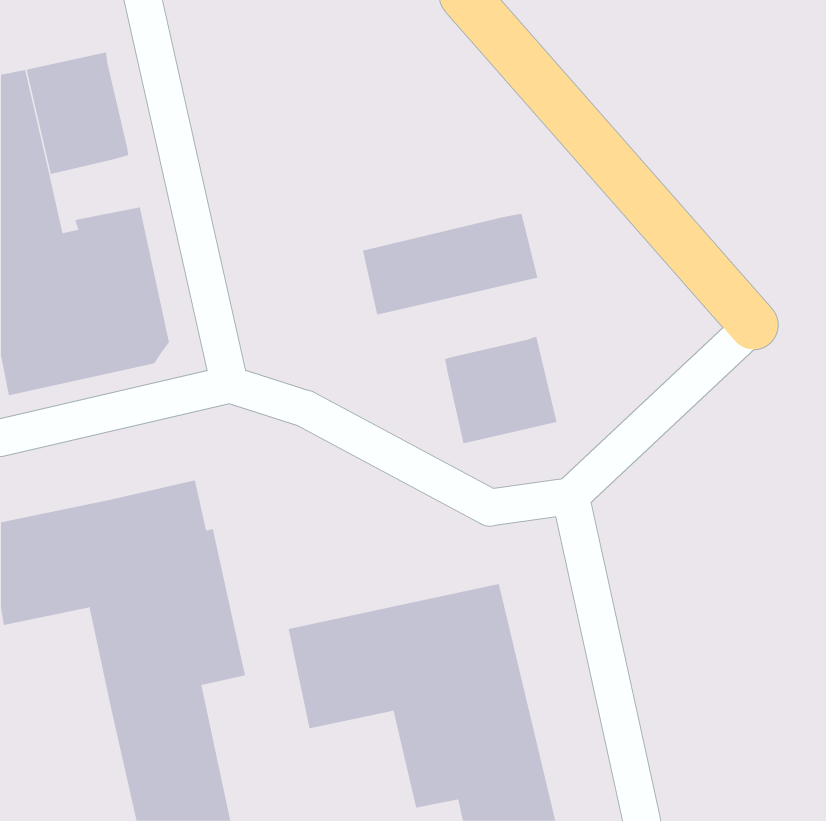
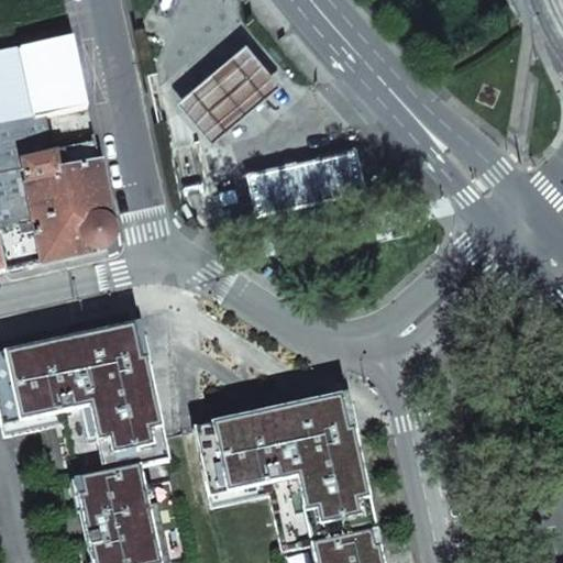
building: none -> [175,43,278,141]
building: [444,336,557,444] -> none

